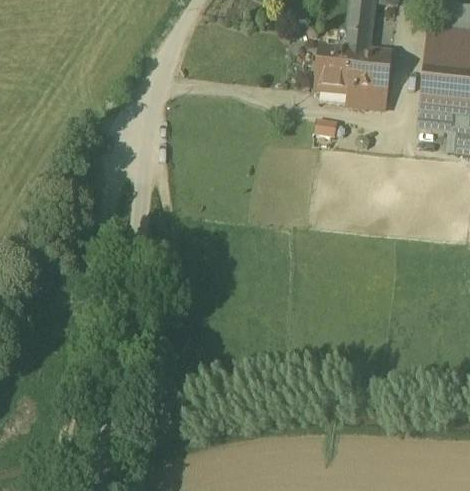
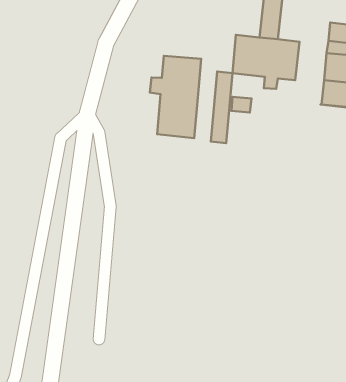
building: none -> [150,56,201,138]
building: none -> [211,71,232,143]

